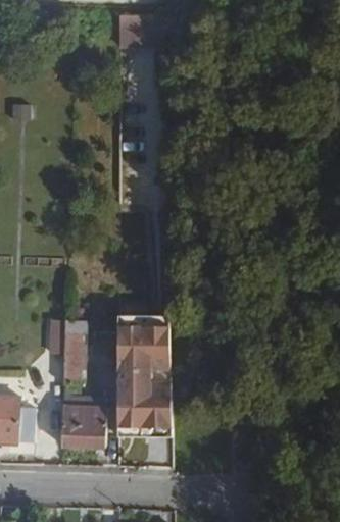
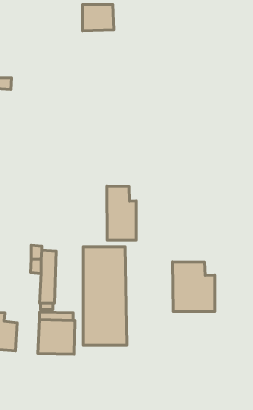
building: none -> [107,186,136,240]
building: none -> [172,262,215,312]

